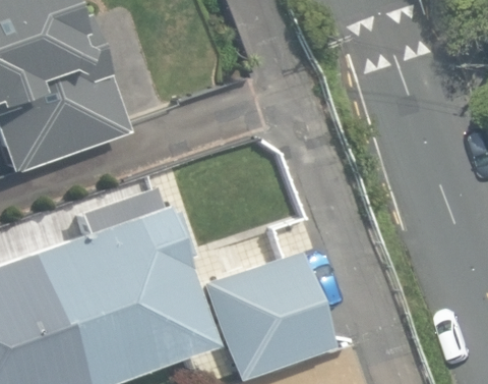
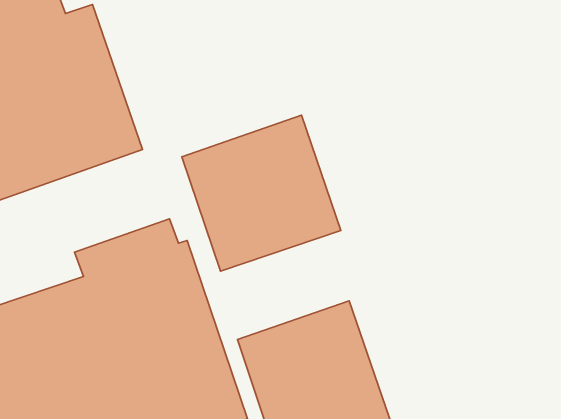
building: none -> [182,115,341,271]

